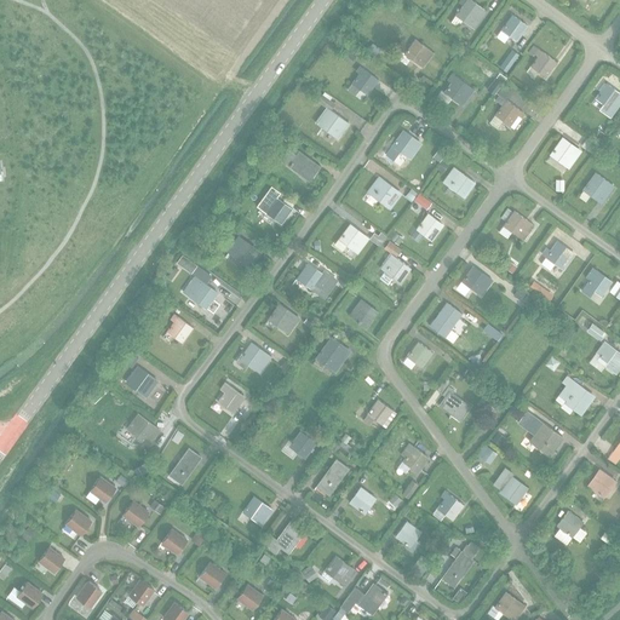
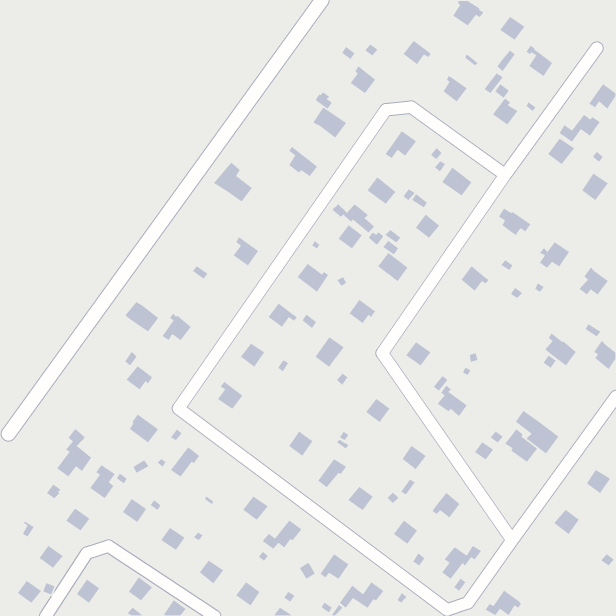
building: none -> [558,114,601,143]
building: [253,183,293,224] -> [213,161,253,202]
building: none -> [331,203,375,234]
building: [183,277,218,309] -> [124,301,159,332]
building: [430,303,461,338] -> none
building: [559,378,592,412] -> [544,333,577,366]
building: none -> [56,428,92,477]
building: [493,469,527,504] -> [504,428,538,463]

